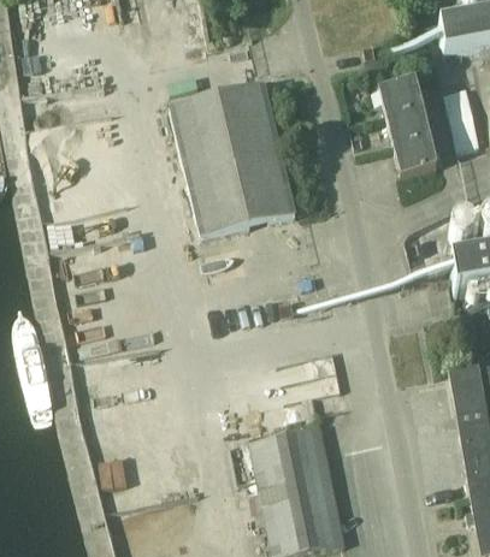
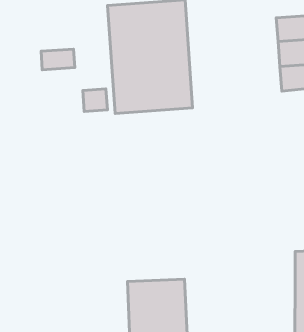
building: none -> [41,49,75,70]
building: none -> [83,89,107,111]

